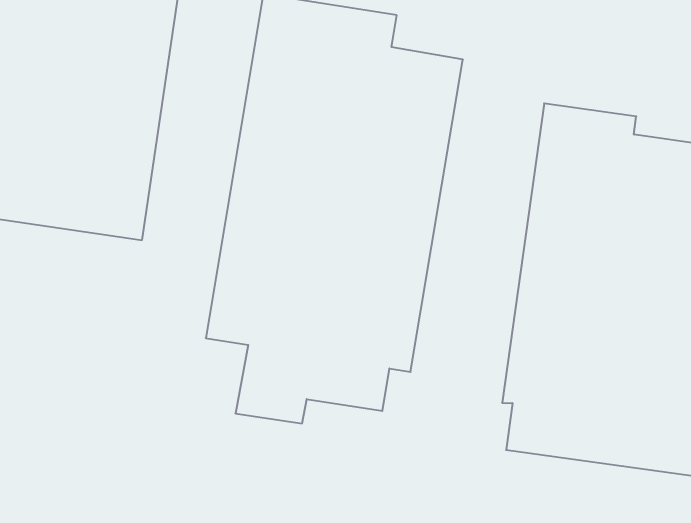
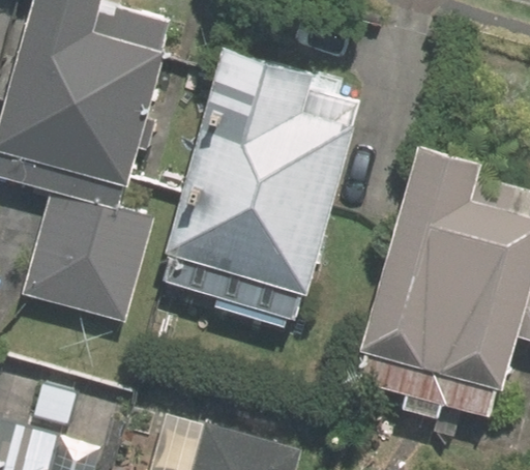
building: none -> [20,189,150,320]

